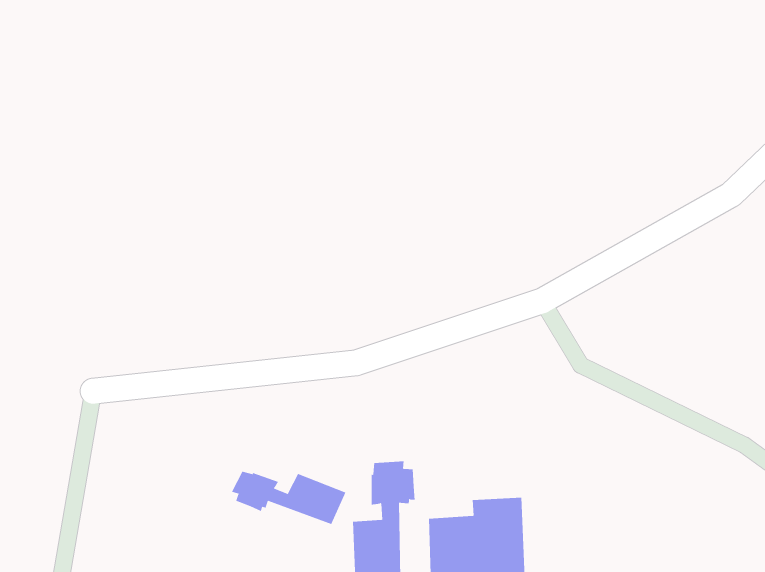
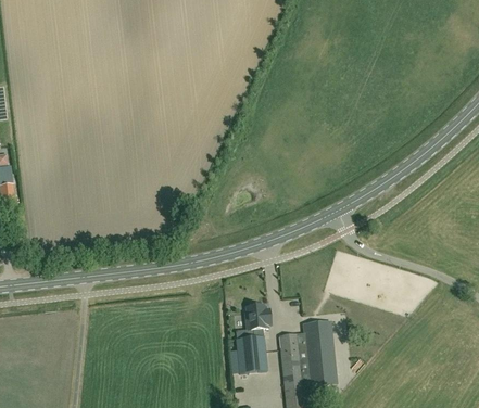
building: [231,471,346,525] -> none

